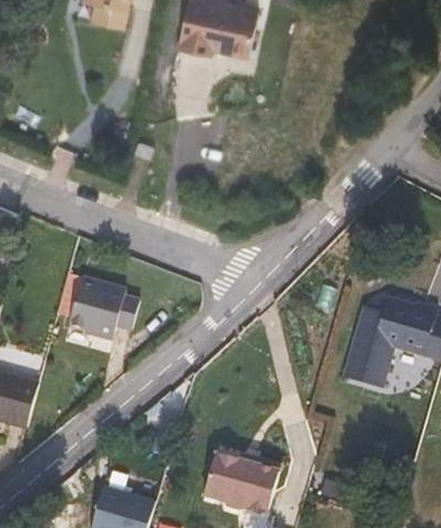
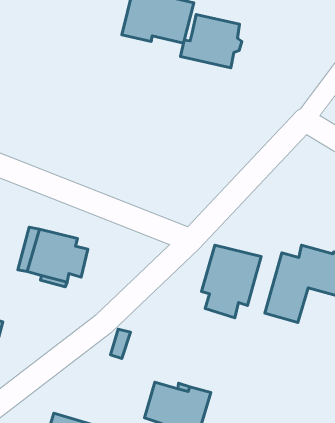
building: none -> [180,14,242,68]
building: none -> [202,245,261,318]

